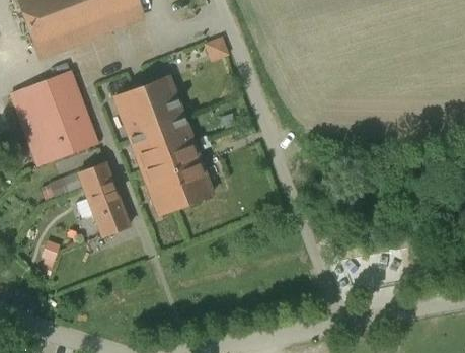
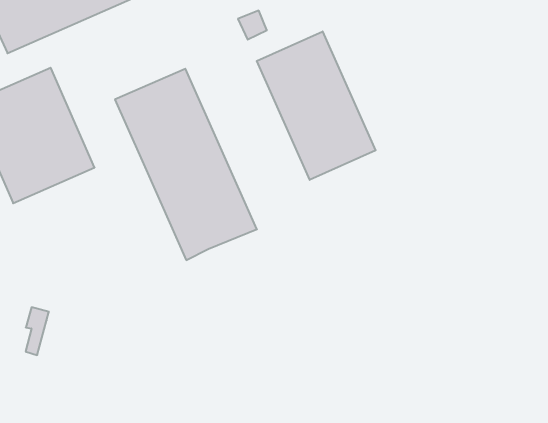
building: none -> [257,31,376,180]
building: [77,161,129,235] -> none

